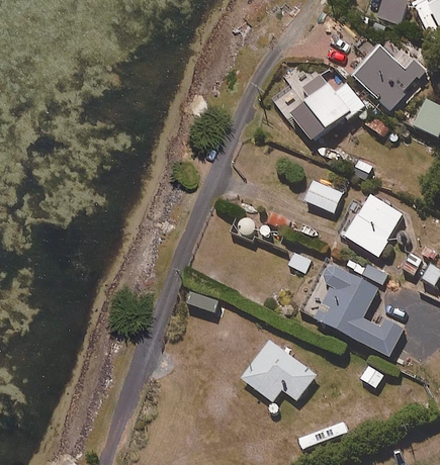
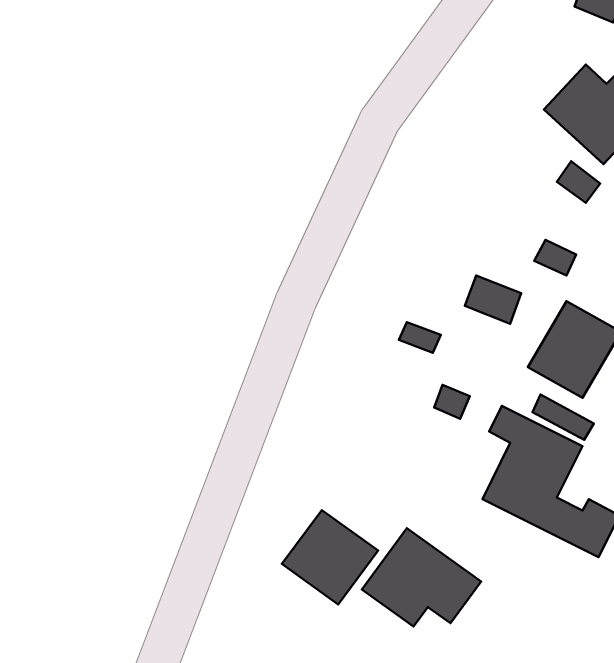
building: [290,71,363,142] -> none
building: none -> [282,510,378,604]

